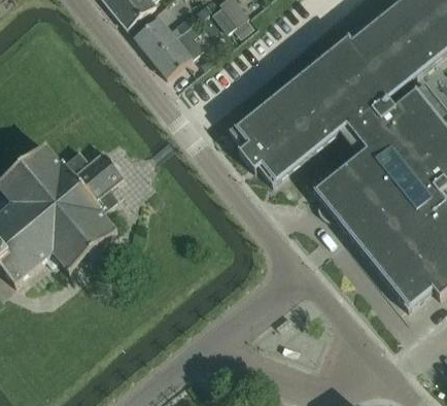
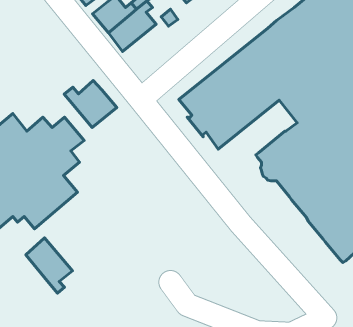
building: none -> [64,80,117,128]
building: none -> [26,238,72,293]

